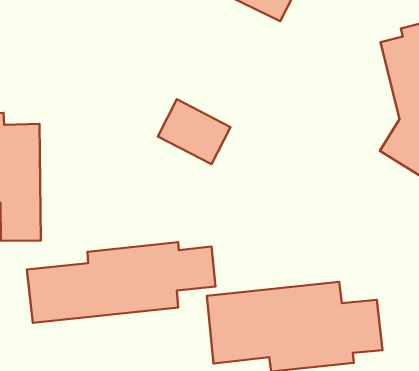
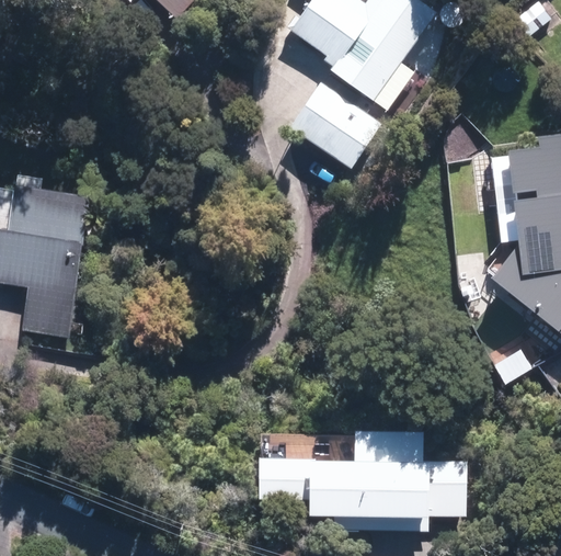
building: [158,99,230,164] -> [295,82,383,166]
building: [27,242,215,323] -> none

